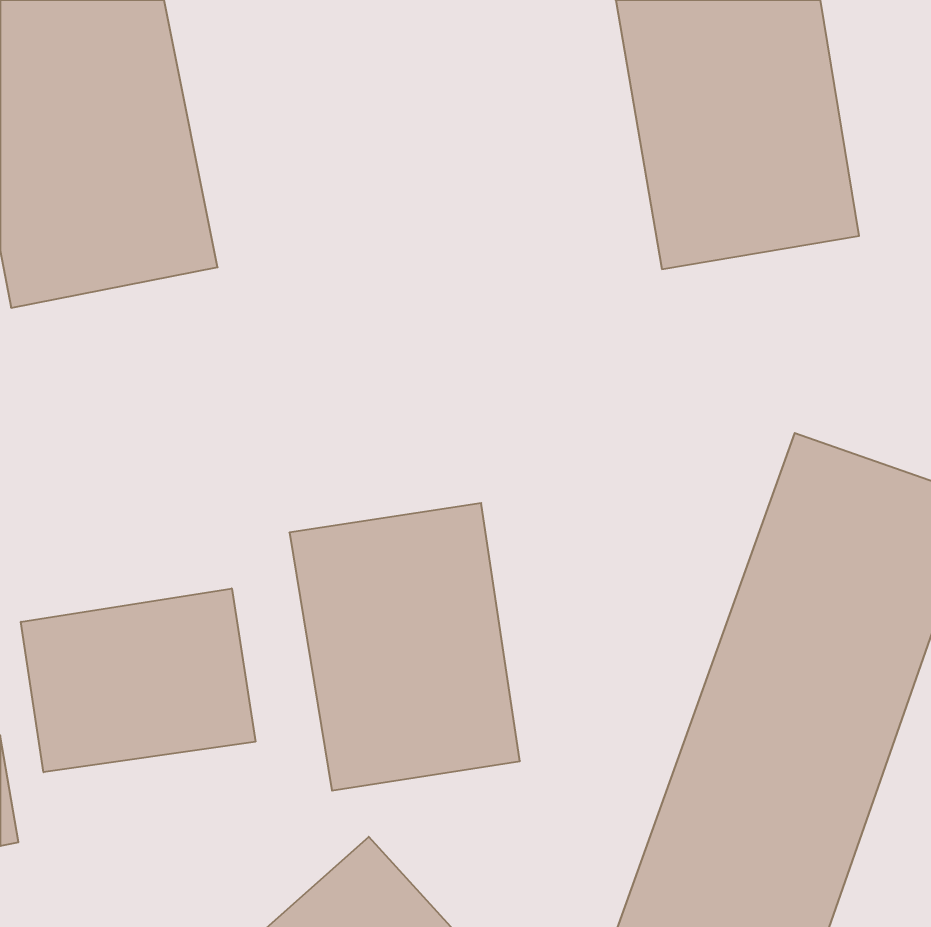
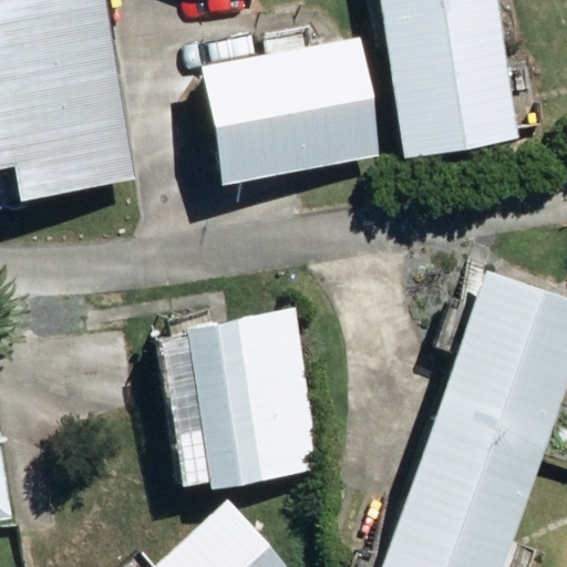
building: none -> [194,29,377,178]
building: [21,588,255,772] -> none

